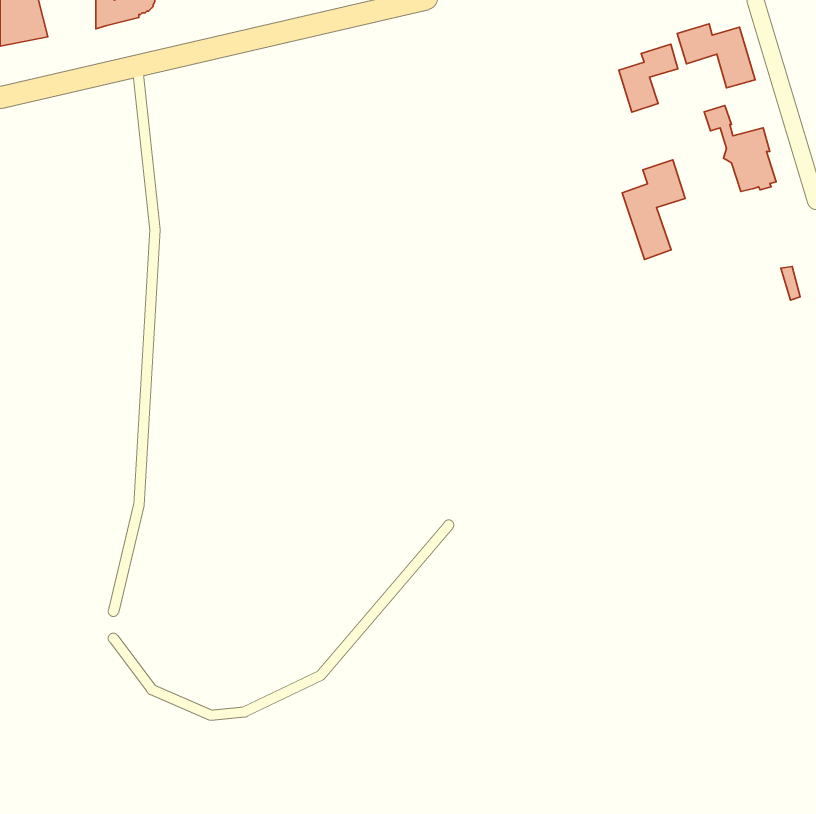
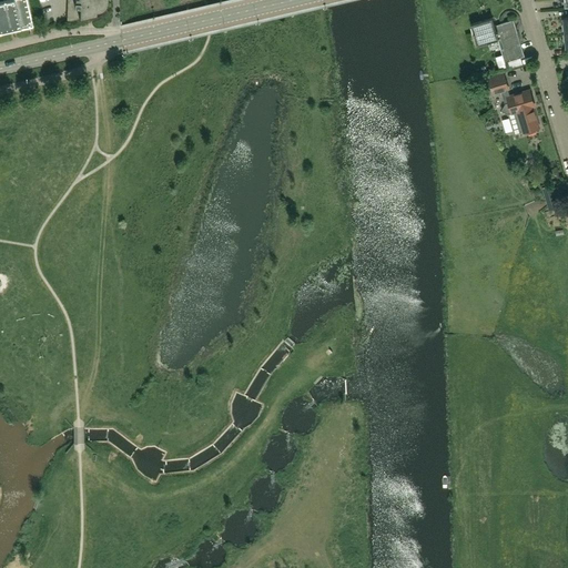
building: [619,44,678,112] -> none
building: [622,160,685,260] -> none

